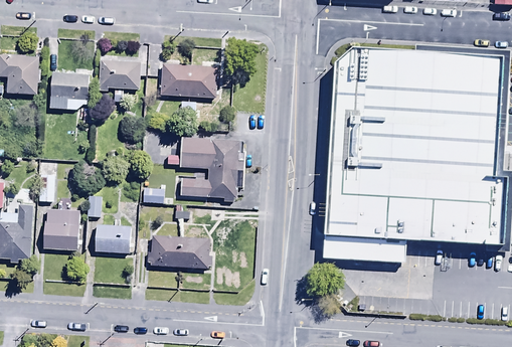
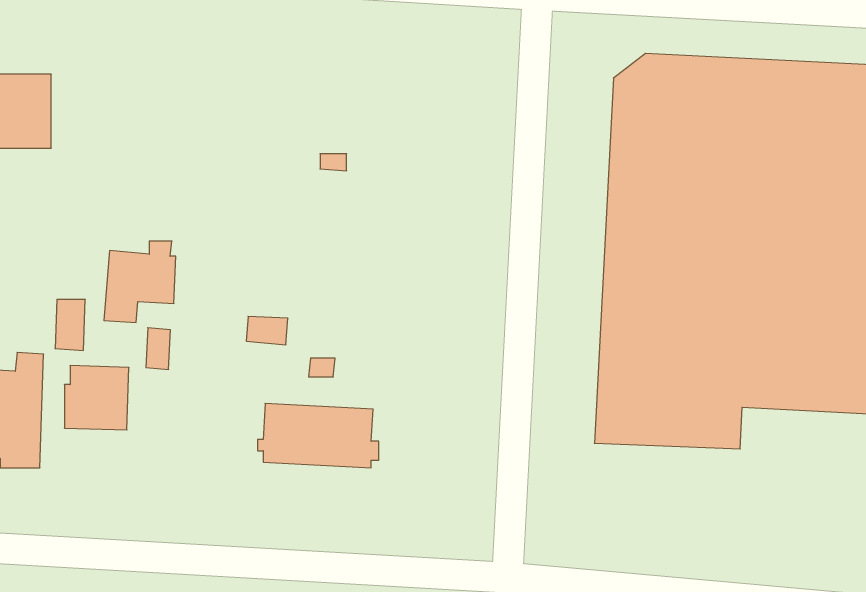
building: [158,61,215,96] -> none
building: [99,63,141,95] -> none
building: [49,69,88,113] -> [104,241,176,322]
building: [166,136,242,201] -> none
building: [95,221,130,250] -> none

